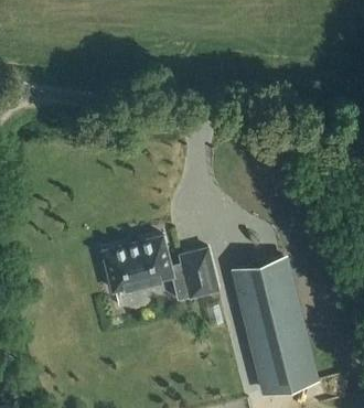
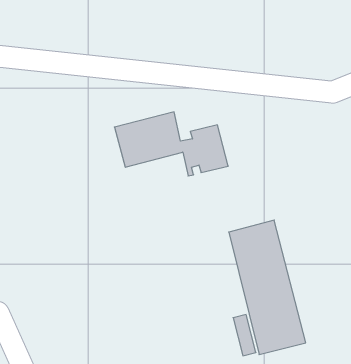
building: [104,238,220,303] -> [114,112,228,176]

